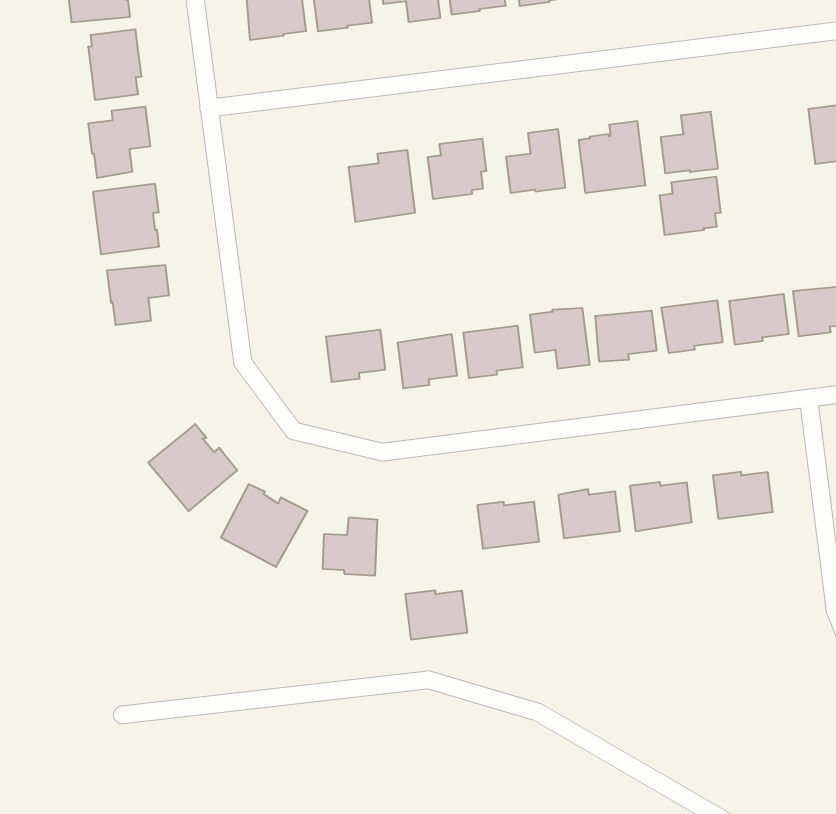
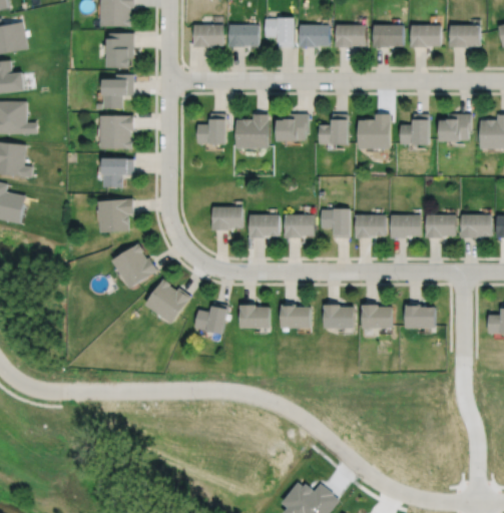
building: none -> [196,114,225,145]
building: [659,177,721,235] -> [440,115,471,142]
building: none -> [98,198,133,233]
building: [405,591,467,640] -> [239,306,270,330]

